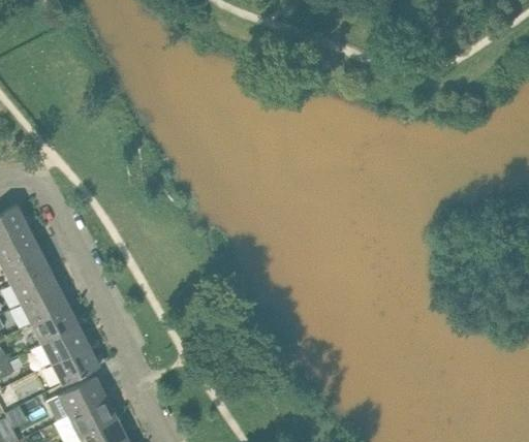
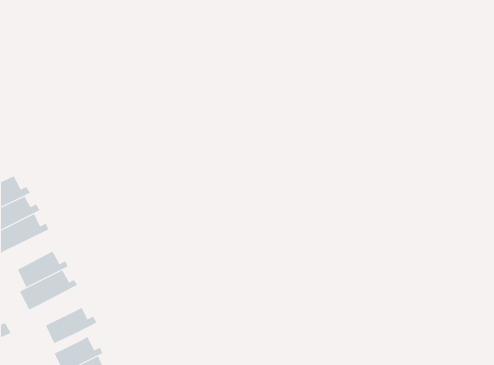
building: [8,266,63,306] -> none
building: [38,325,93,366] -> none

